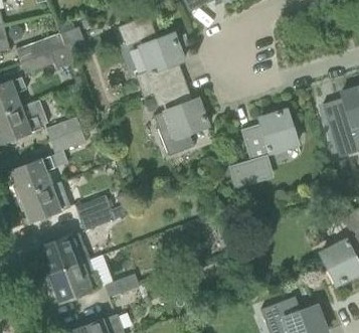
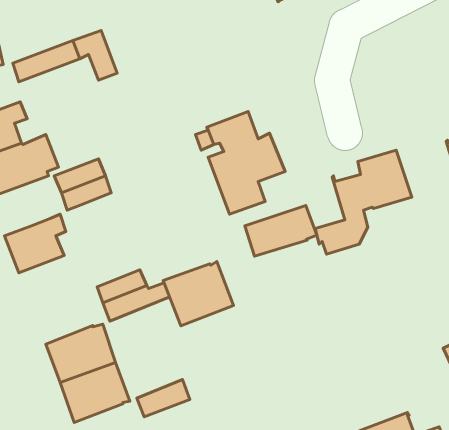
building: [118,15,183,98] -> none
building: [20,43,76,75] -> none
building: none -> [245,205,317,256]
building: [20,182,69,222] -> none
building: none -> [163,261,233,326]

